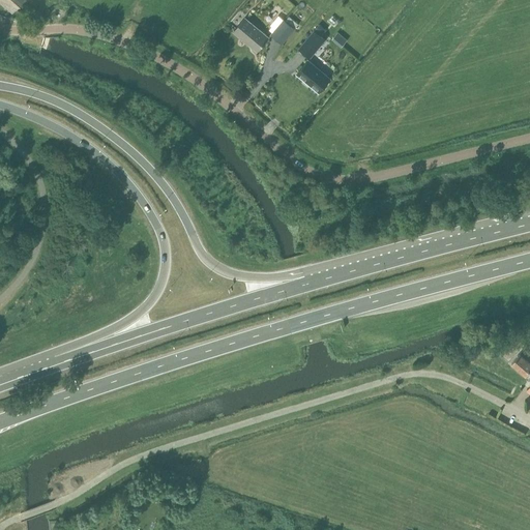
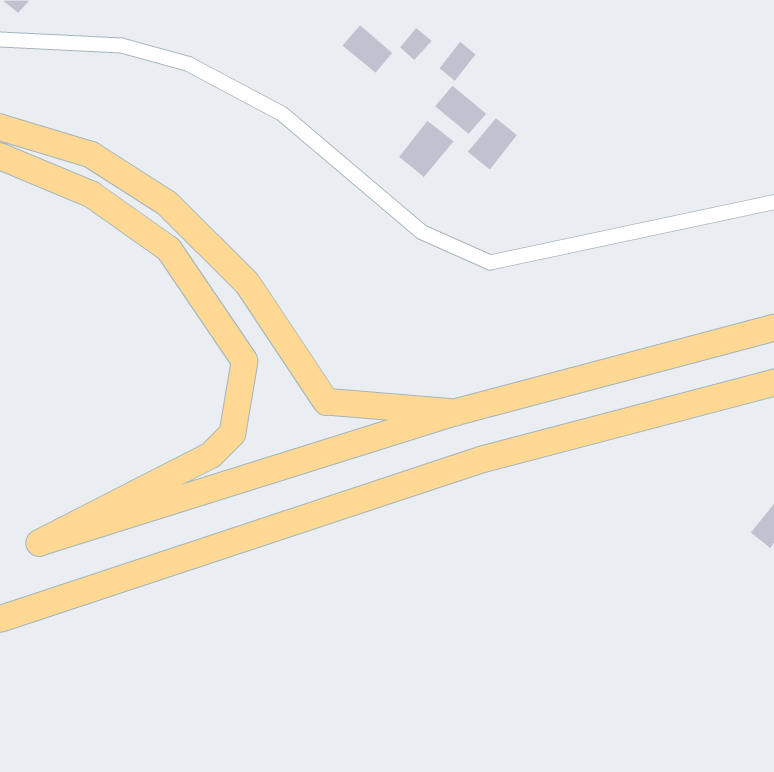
building: none -> [467,116,518,170]
building: none -> [398,120,454,179]

